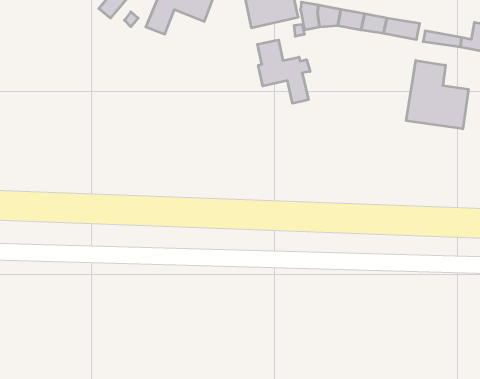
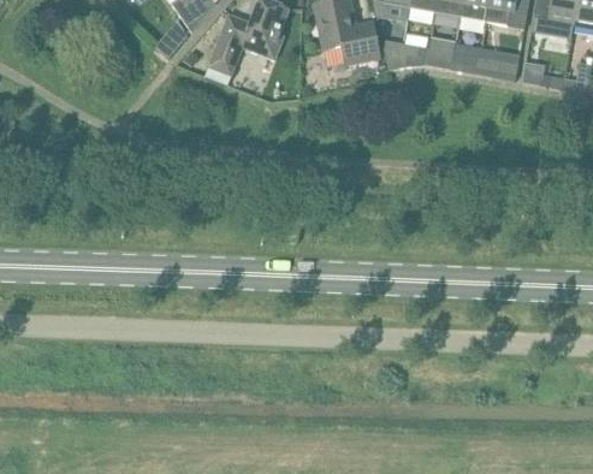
building: [257,40,310,103] -> none
building: [406,60,468,129] -> none

